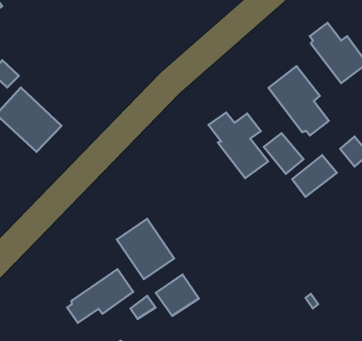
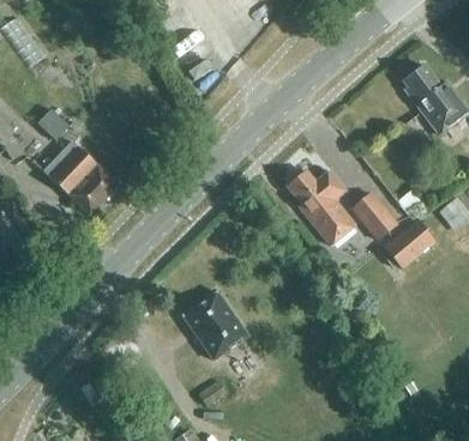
building: [268,66,329,135] -> none
building: [67,269,133,323] -> none
building: [156,275,199,316] -> none

